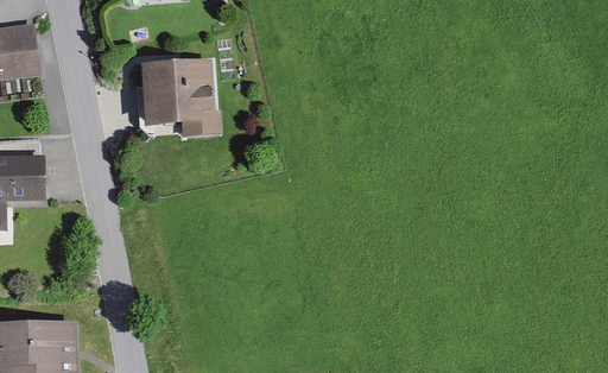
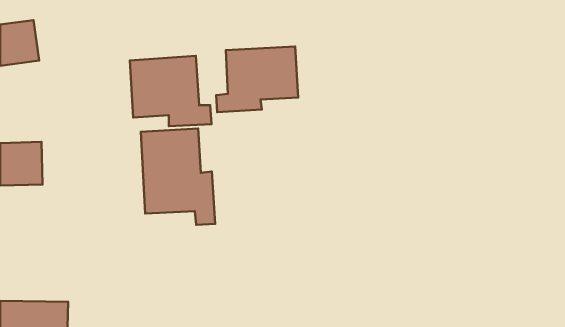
building: none -> [216,47,298,112]
building: none -> [141,129,215,225]

